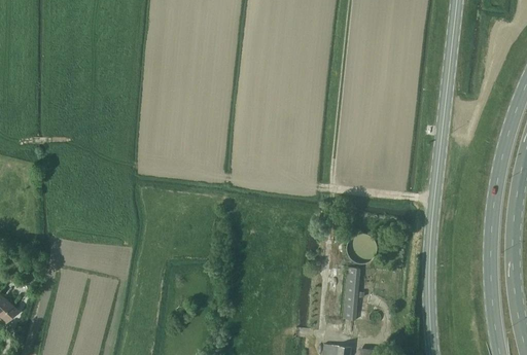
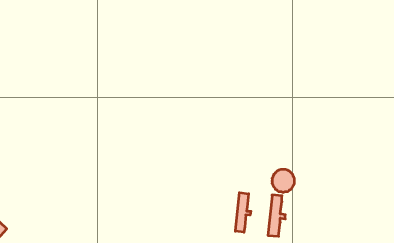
building: none -> [235,193,251,232]

